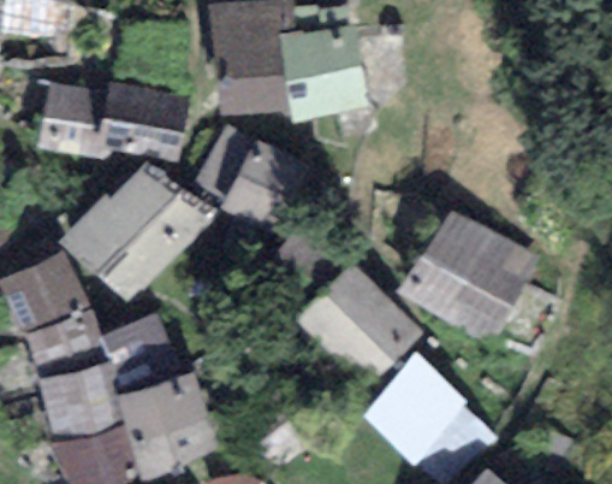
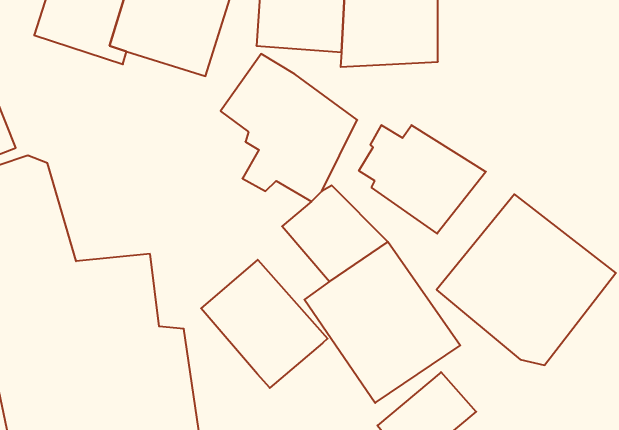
building: [59,157,214,299] -> none
building: none -> [359,125,486,234]
building: none -> [201,260,328,388]

